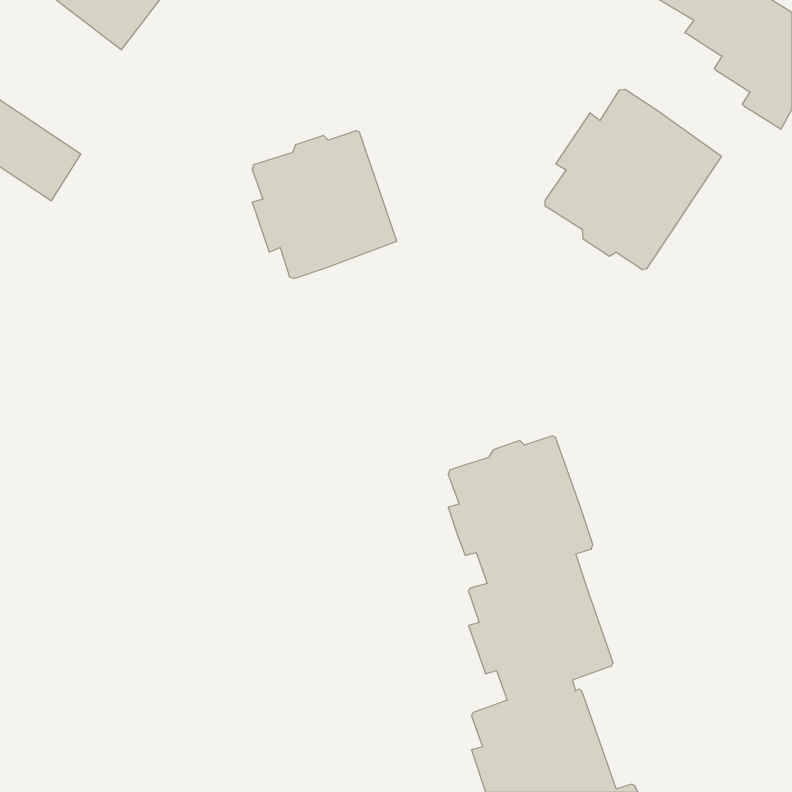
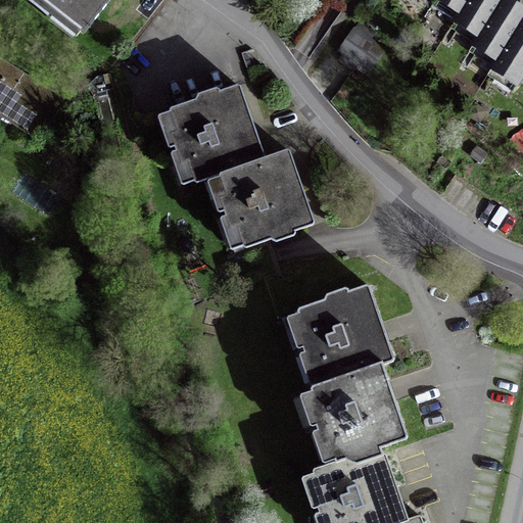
building: none -> [339,29,381,68]
building: [545,89,721,270] -> none
building: none -> [215,150,311,248]

